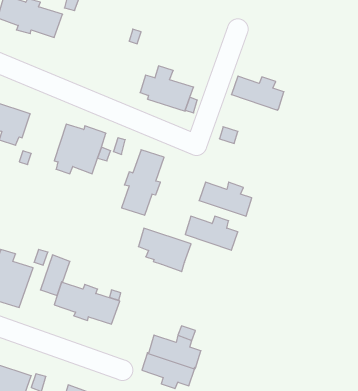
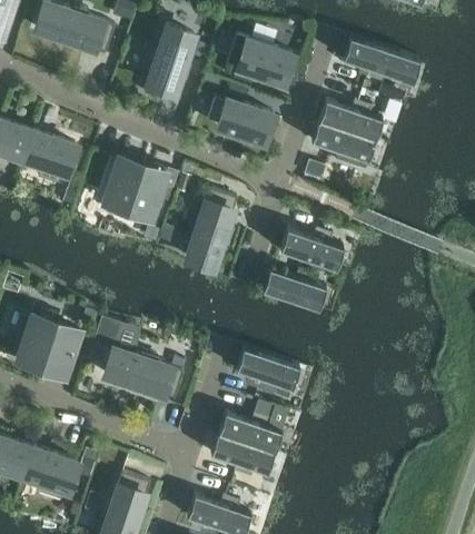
building: none -> [145,28,195,105]
building: none -> [228,37,293,85]
building: none -> [344,39,420,85]
building: none -> [311,122,375,170]
building: [138,228,191,272] -> [237,349,300,402]

